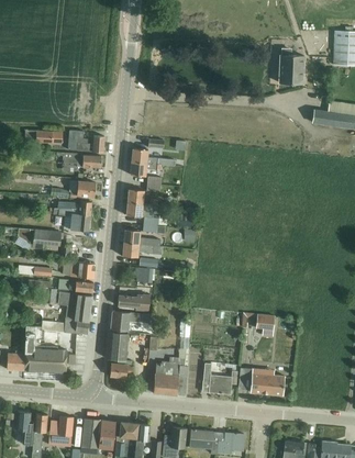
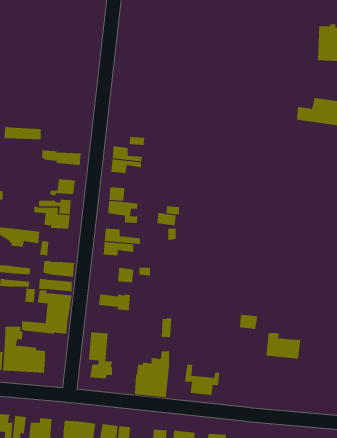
building: [279,48,303,83] -> none
building: [68,130,104,152] -> none
building: [110,311,151,332] -> none
building: [249,369,285,395] -> [265,332,301,359]

